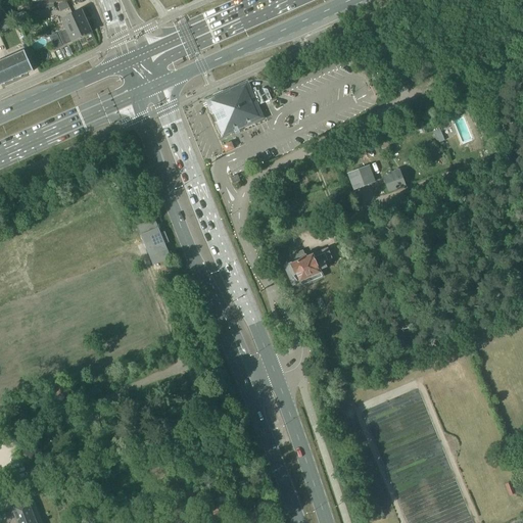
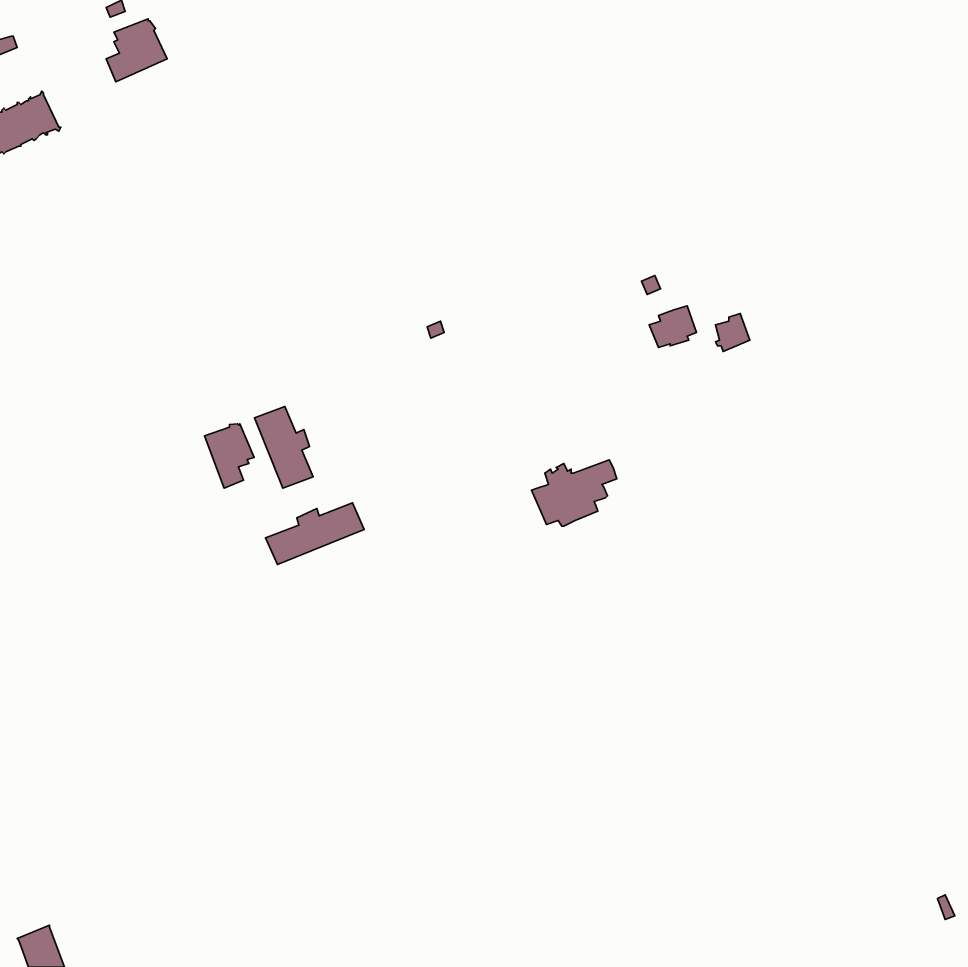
building: [211,86,271,131] -> none
building: none -> [204,424,254,488]
building: none -> [266,503,364,565]

